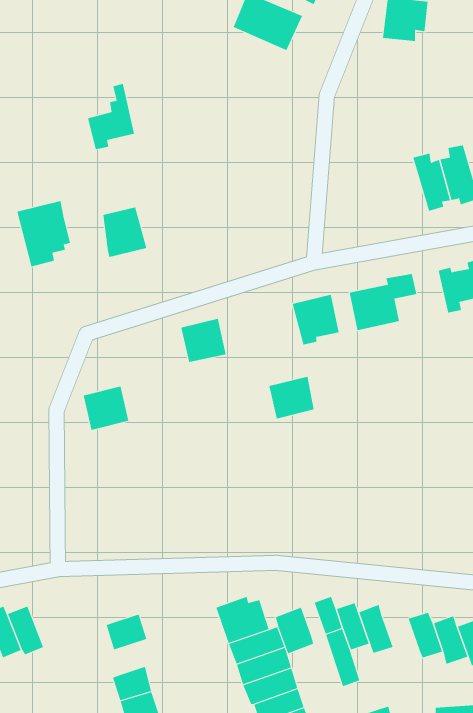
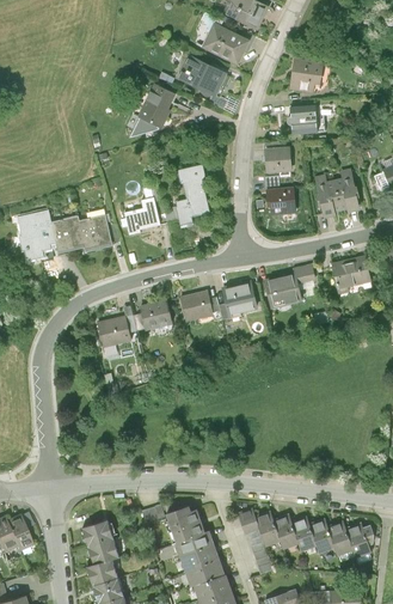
building: none -> [137,83,176,127]
building: none -> [289,103,317,135]
building: [87,83,135,150] -> [123,187,159,237]
building: none -> [263,146,290,171]
building: none -> [173,164,210,226]
building: none -> [265,187,296,215]
building: none -> [50,215,82,254]
building: [268,376,314,419] -> [178,289,213,322]
building: [83,386,129,430] -> [96,315,130,348]
building: [275,607,314,654] -> none
building: none -> [289,515,317,554]
building: none -> [87,539,118,566]

